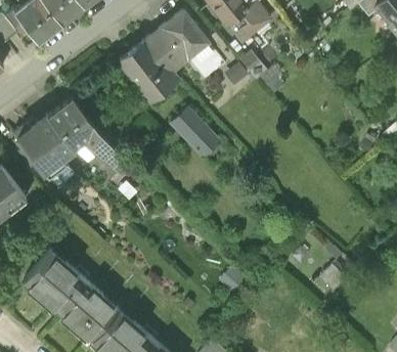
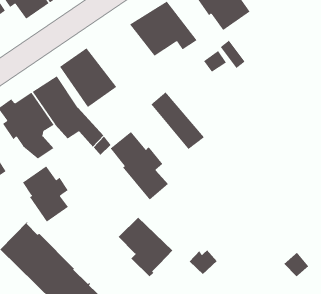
building: [118,40,179,102] -> [59,48,117,108]
building: none -> [110,131,169,200]
building: none -> [22,166,69,223]
building: none -> [118,217,173,277]

